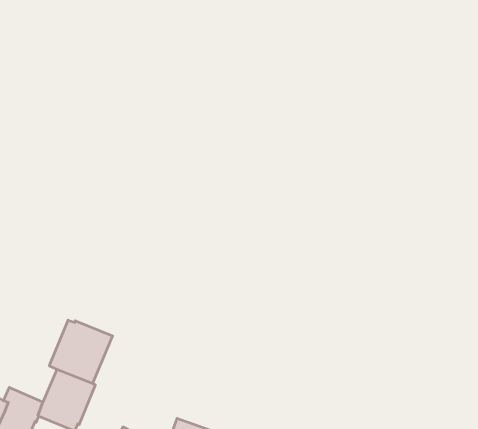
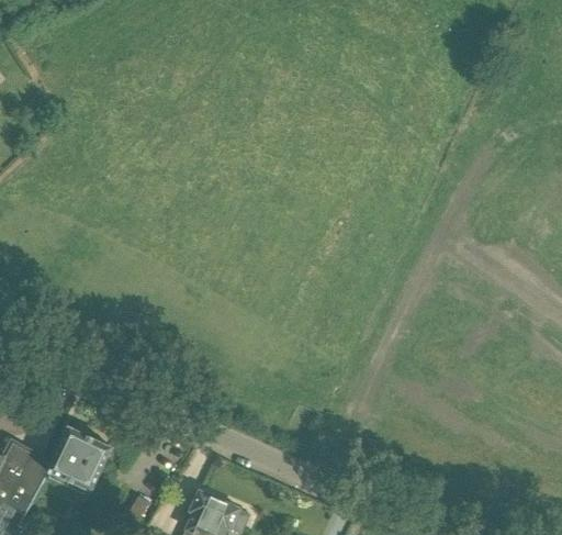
building: [50,320,113,384] -> none

